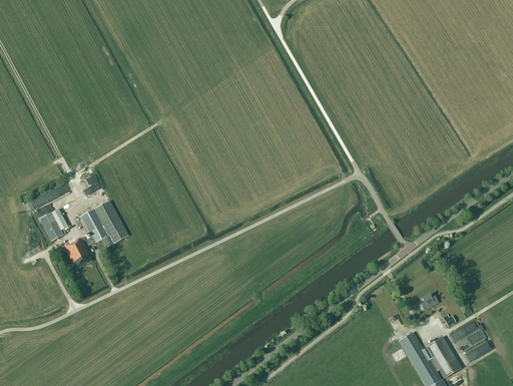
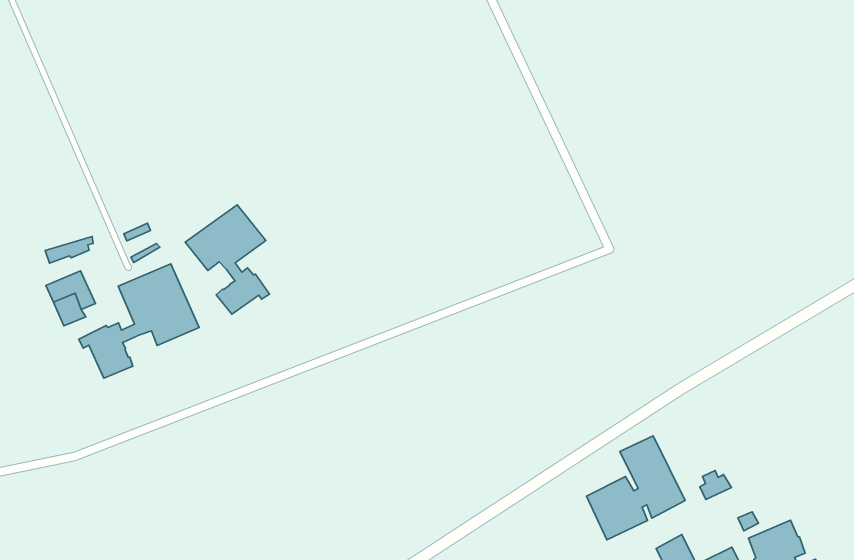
building: none -> [185,205,269,314]
building: none -> [586,436,685,540]

